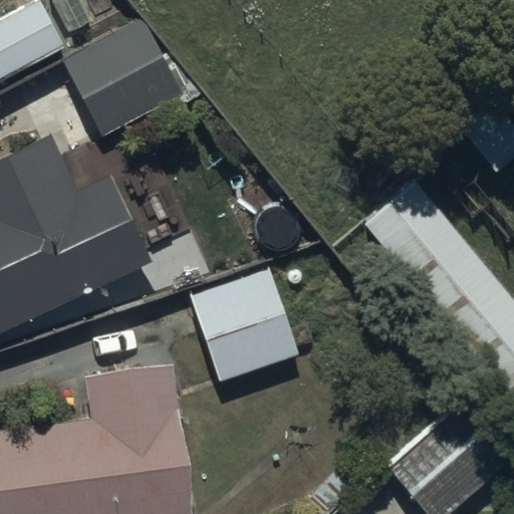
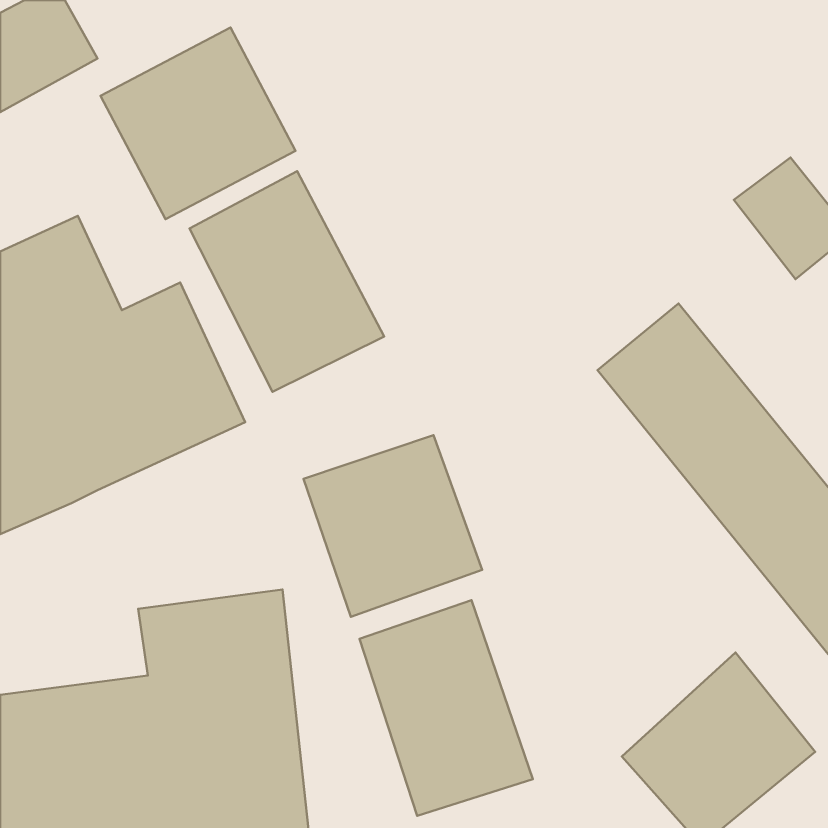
building: none -> [189,171,384,392]
building: none -> [359,600,533,816]

